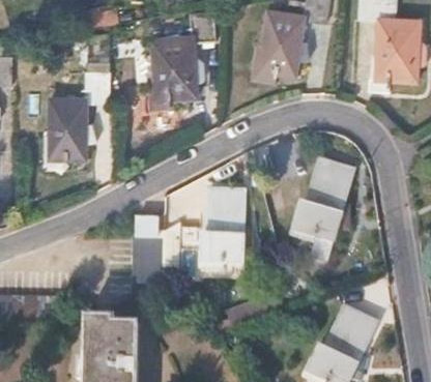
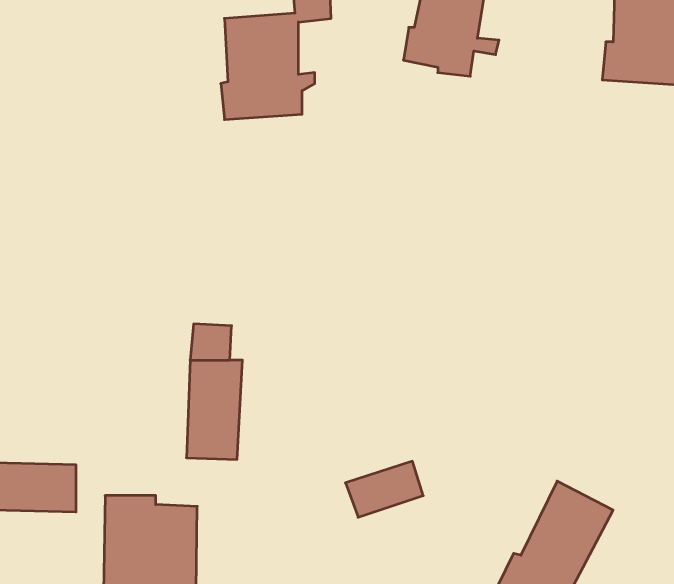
building: [47,74,110,158] -> none
building: [293,161,352,241] -> none
building: [201,188,252,264] -> none

